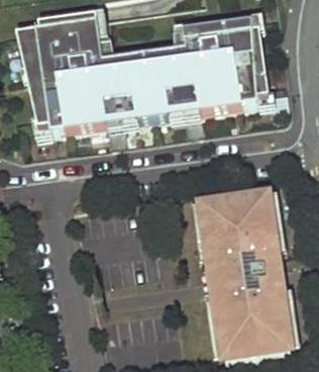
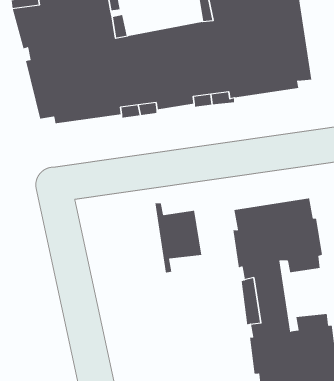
building: [242,246,283,305] -> [154,203,202,273]

